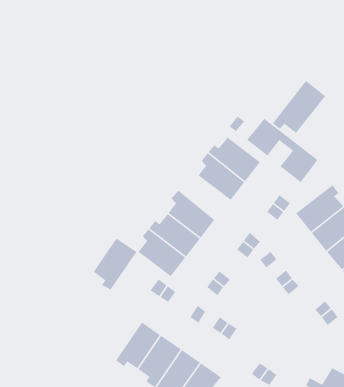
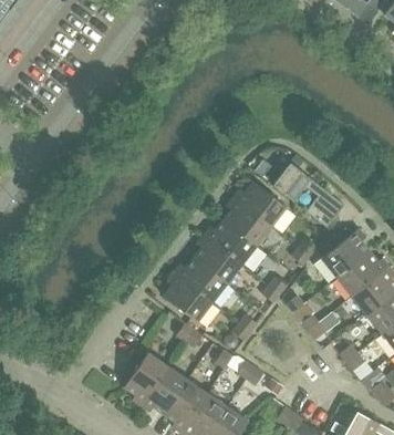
building: [272,80,326,134] -> none
building: none -> [204,220,256,265]
building: [93,237,137,291] -> [123,352,167,405]

